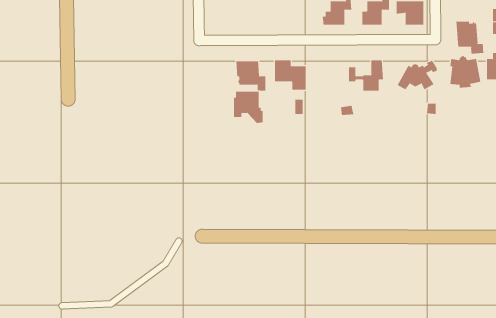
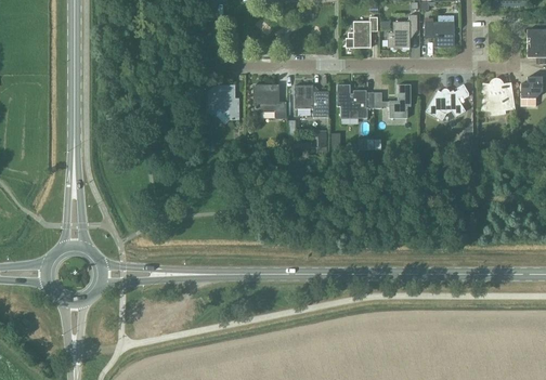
building: [456,21,484,54] -> none
building: none -> [337,83,374,117]
building: [233,91,264,124] -> [207,84,239,119]

